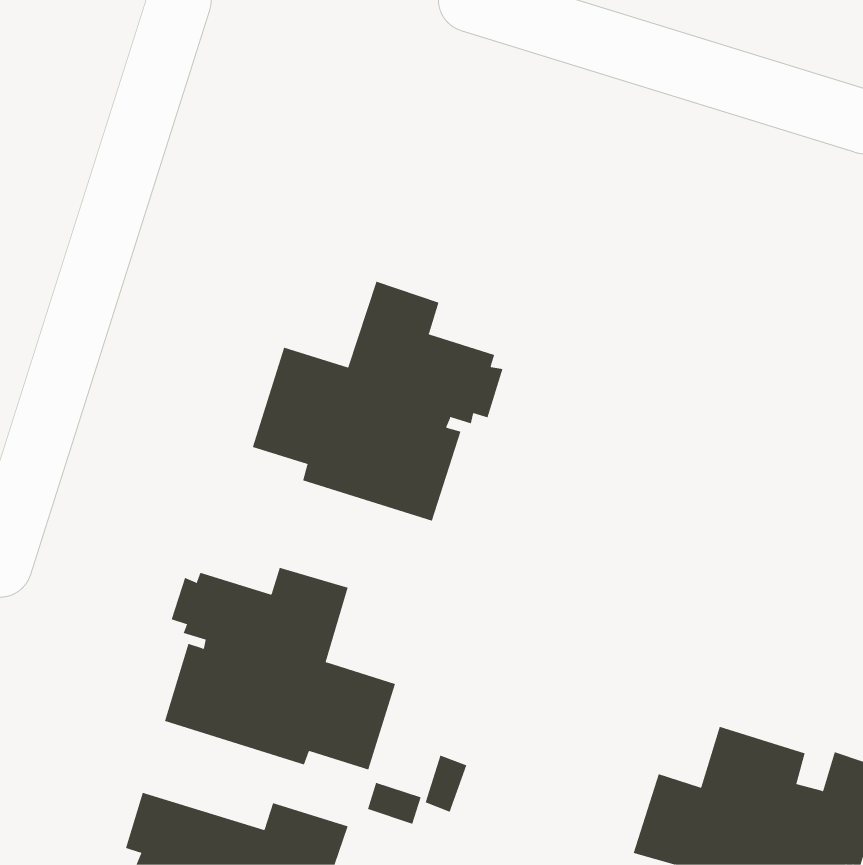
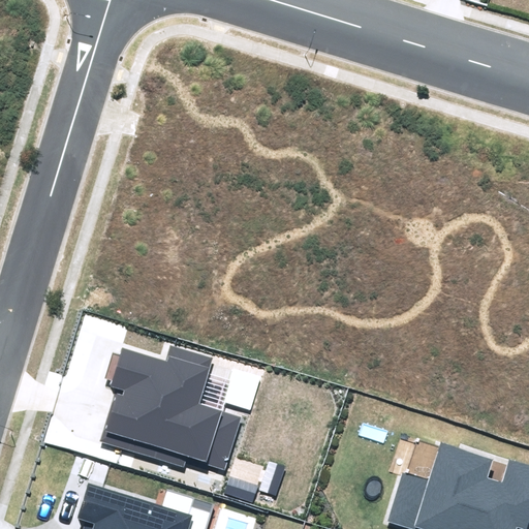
building: [252,281,503,521] -> none

